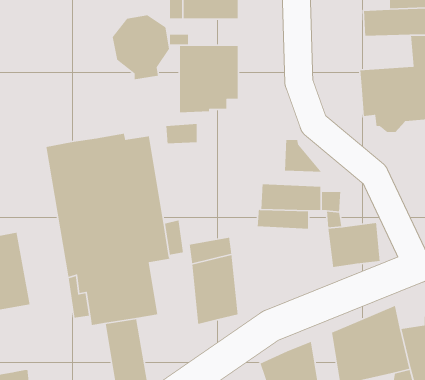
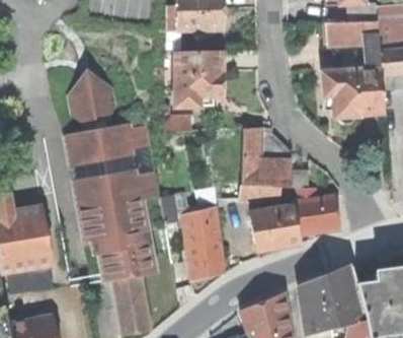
building: [112,14,170,80] -> [68,76,115,130]
building: none -> [242,127,292,166]
building: none -> [251,207,299,249]

